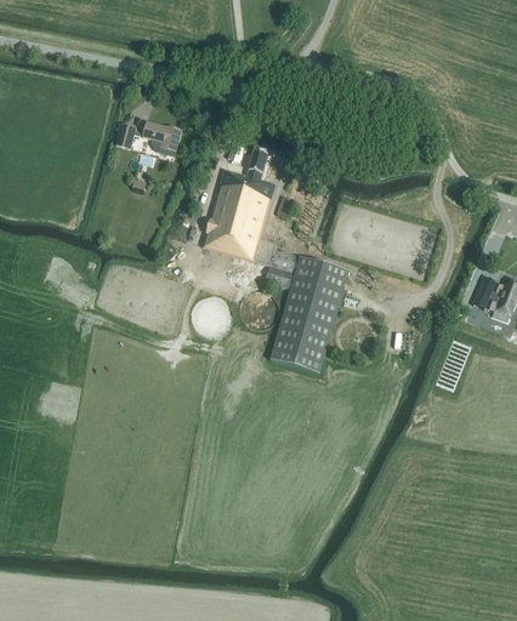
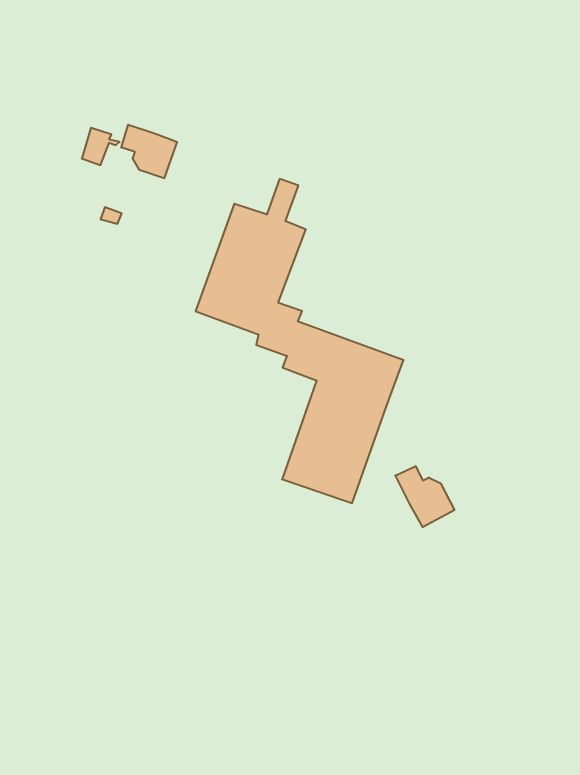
building: none -> [395,466,454,527]

